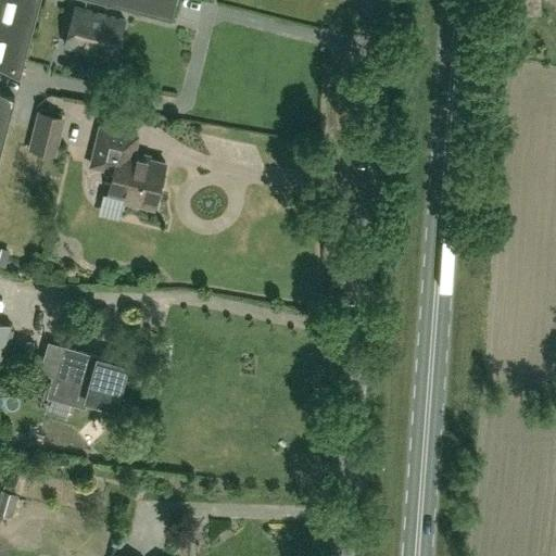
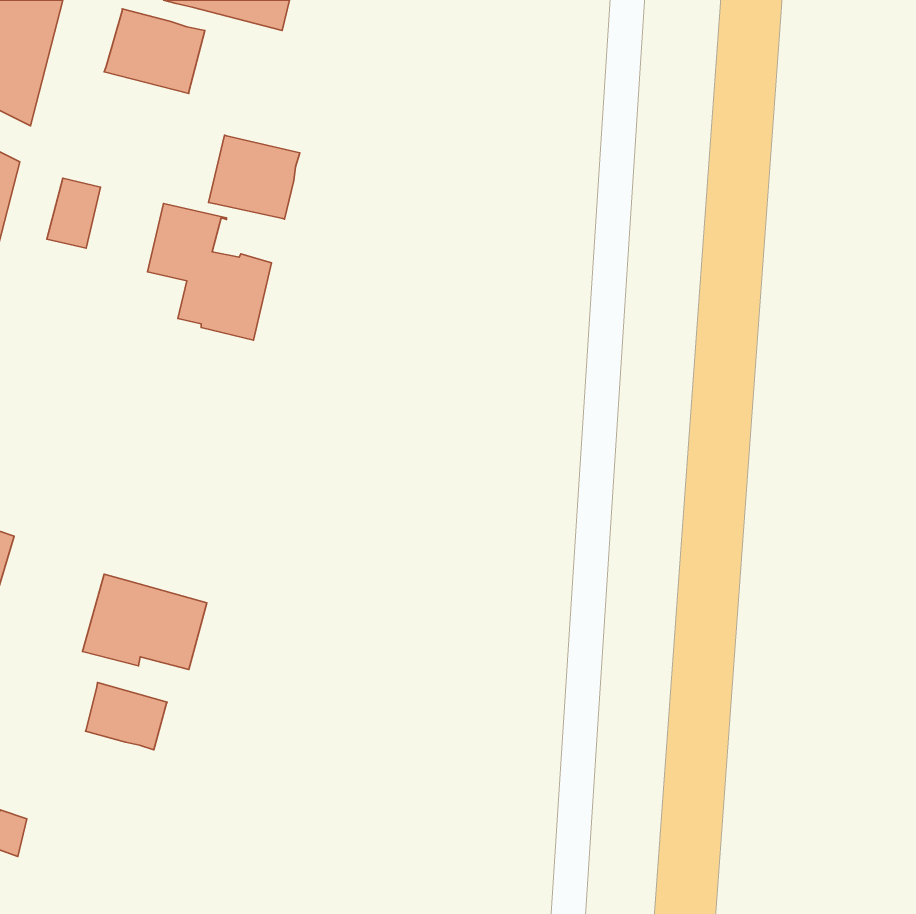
building: none -> [208,135,300,219]
building: none -> [86,683,167,750]

